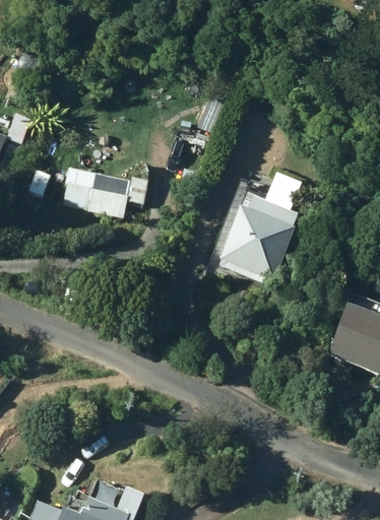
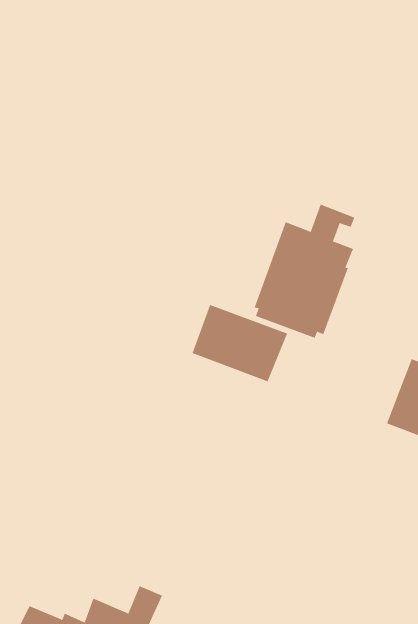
building: [63,164,150,217] -> none
building: none -> [192,304,288,382]

